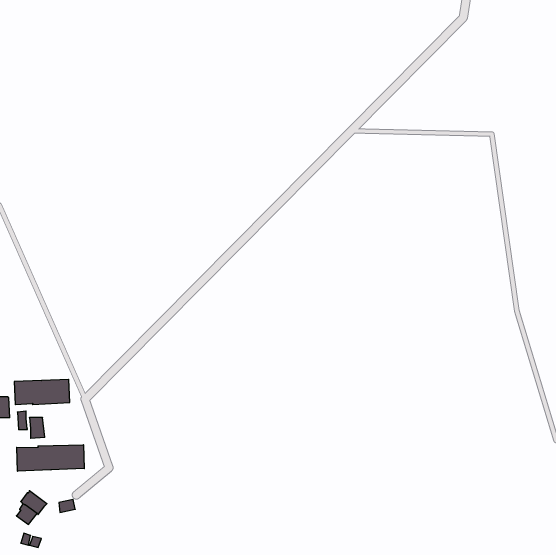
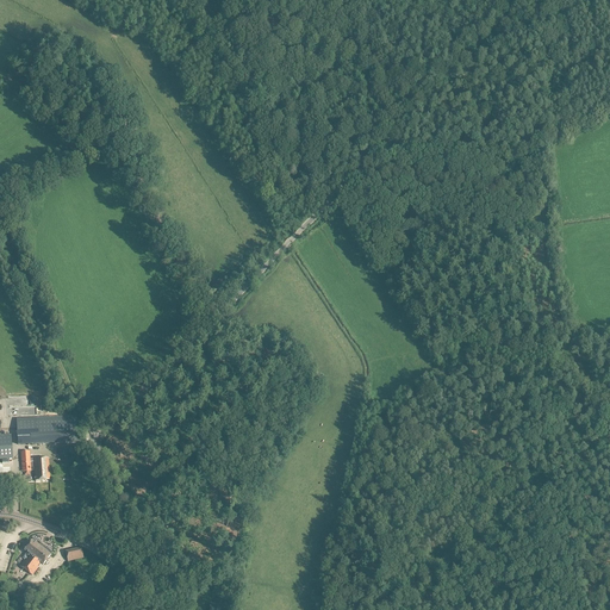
building: [17,445,84,471] -> none

